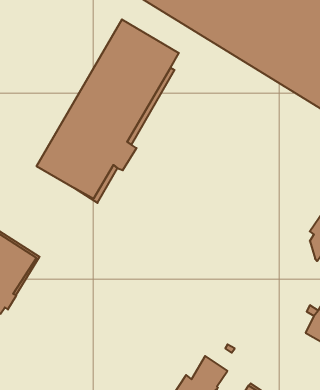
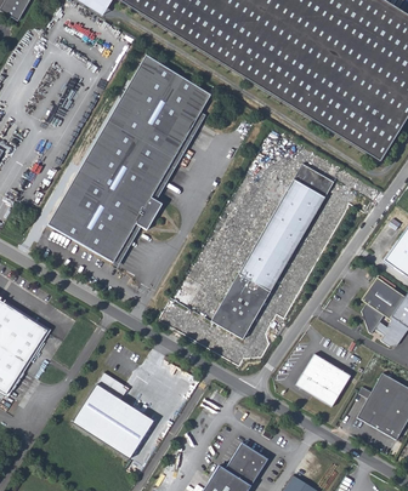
building: none -> [211,162,334,338]
building: none -> [296,353,350,405]
building: none -> [73,371,154,458]

